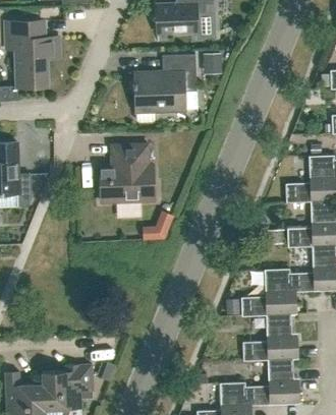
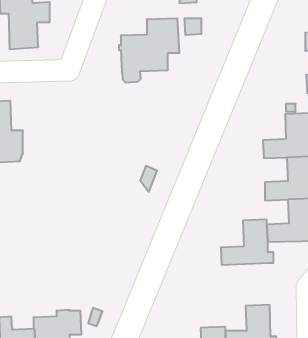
building: [100,143,154,201] -> none
building: [242,313,298,360] -> none

